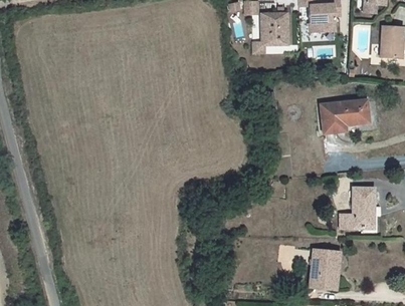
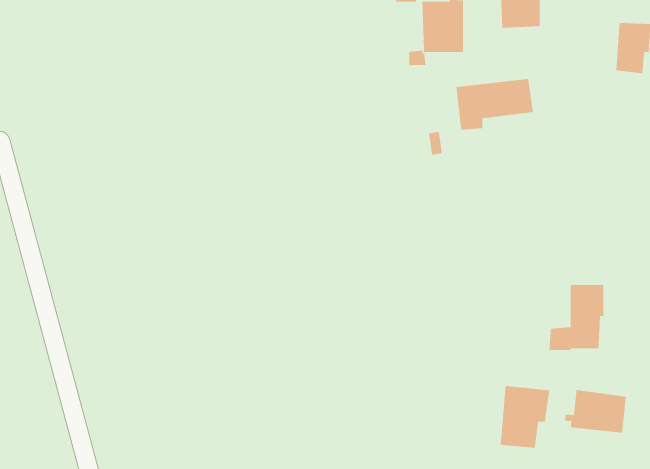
building: [321,100,369,132] -> [456,78,534,130]
building: none -> [564,389,627,433]

